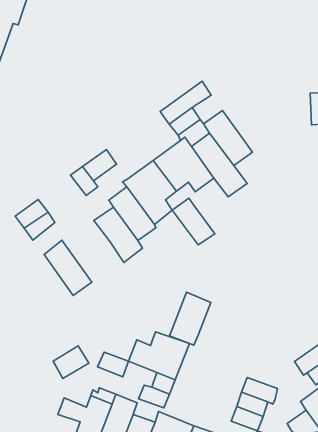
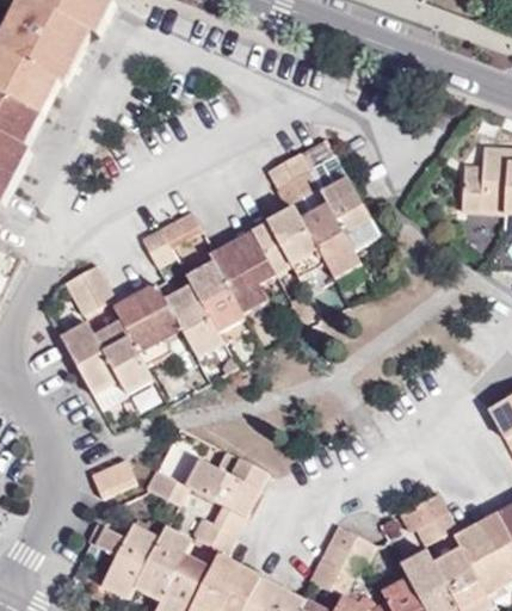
building: [172,198,215,245] -> none
building: none -> [111,282,180,364]
building: none -> [58,320,117,395]
building: [169,292,211,345] -> none

